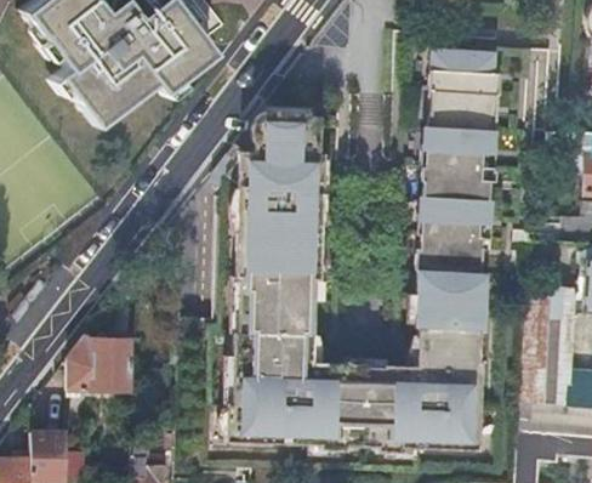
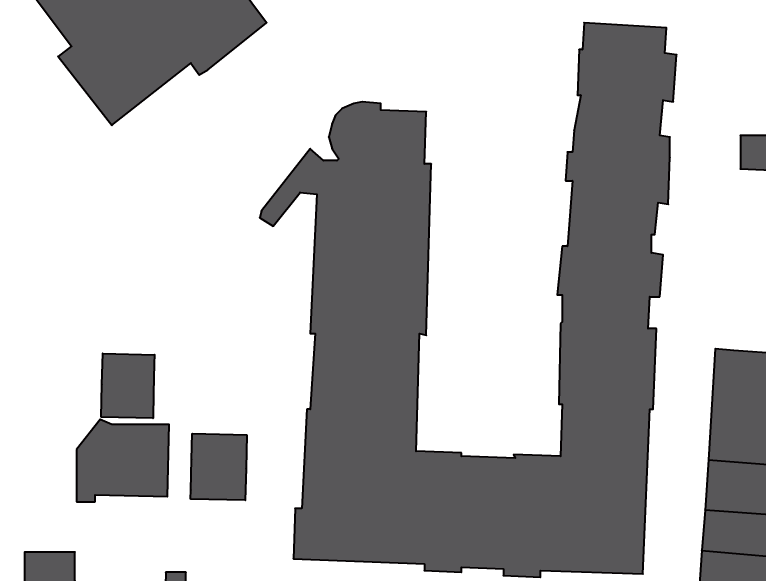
building: none -> [101,353,155,418]
building: none -> [191,434,247,500]

